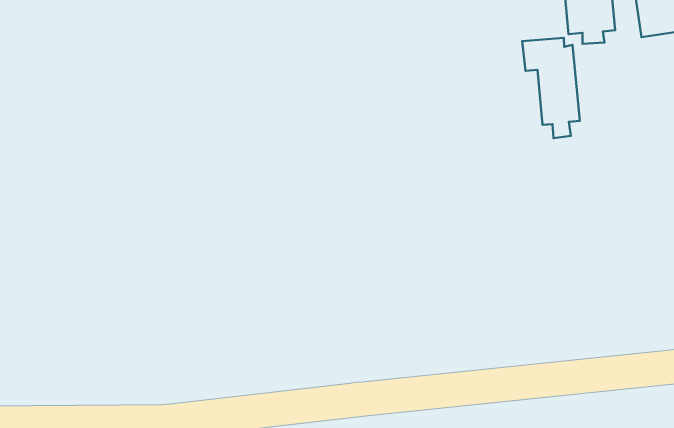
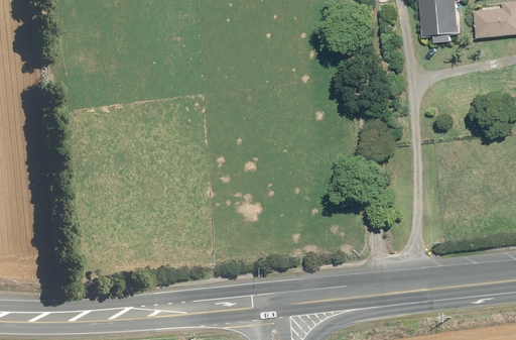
building: [522,38,580,138] -> none

